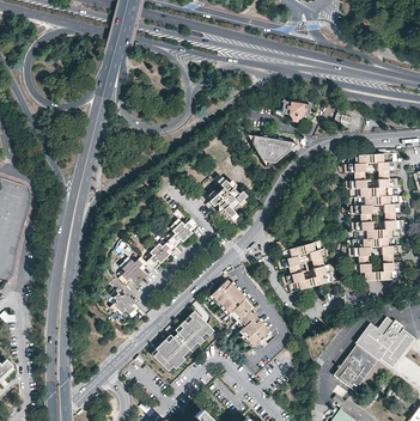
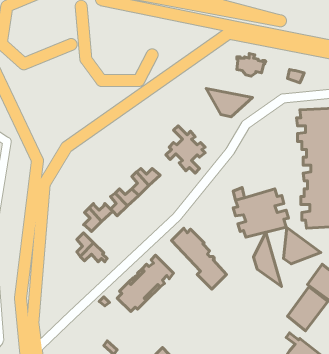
building: none -> [283,228,321,264]
building: none -> [253,232,281,286]

